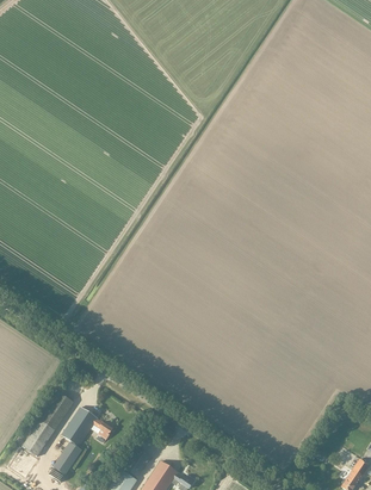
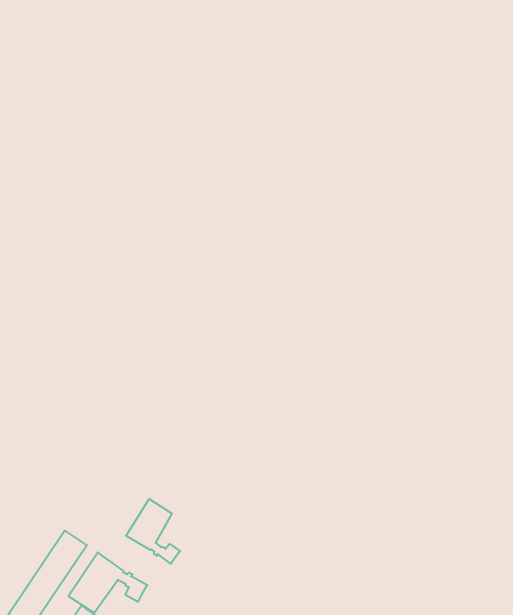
building: none -> [126,499,180,564]

